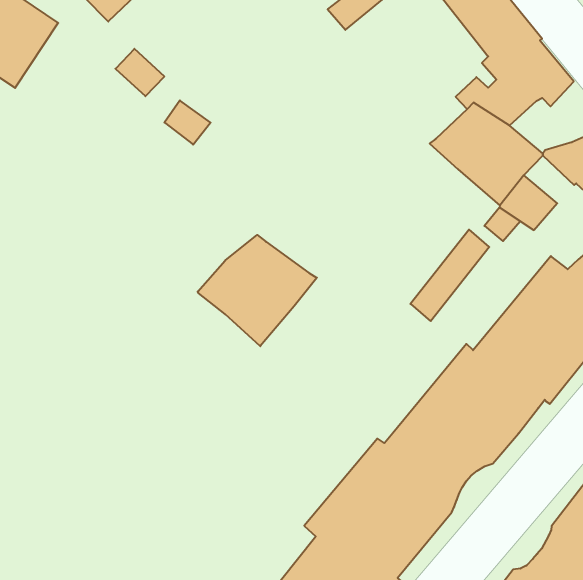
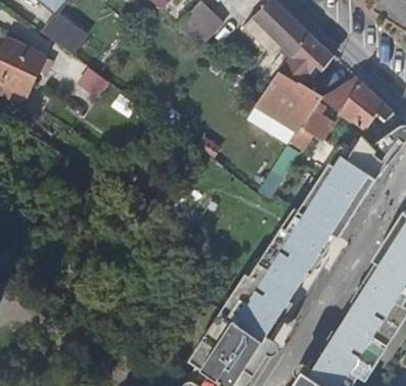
building: [198,235,317,346] -> none

